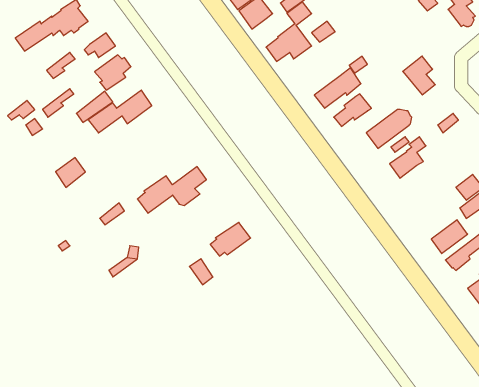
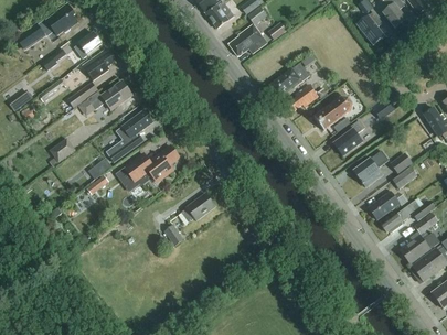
building: [403,56,435,95] -> [356,11,384,44]
building: none -> [106,109,153,162]
building: none -> [353,150,387,186]

